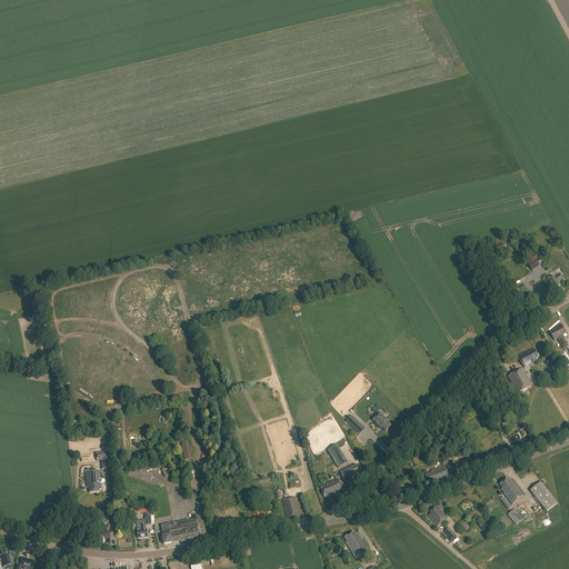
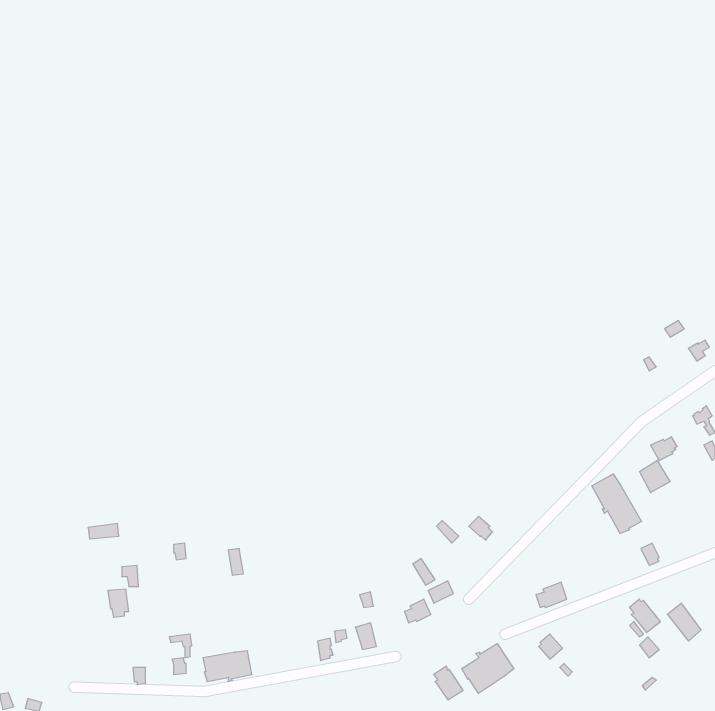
building: none -> [592,474,641,534]
building: none -> [462,644,514,694]

